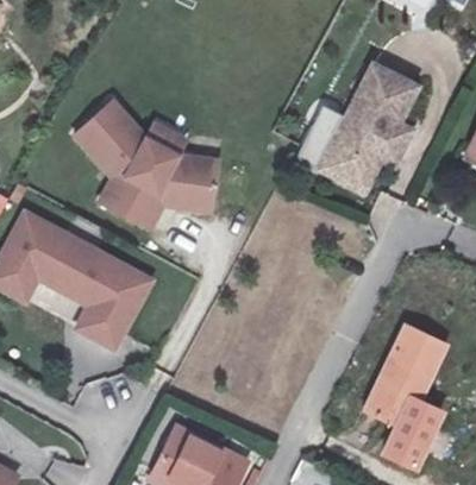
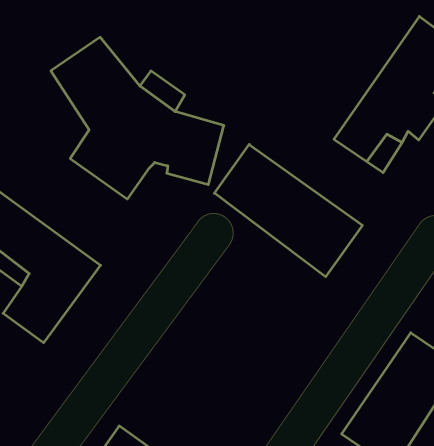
building: none -> [214,144,362,277]

